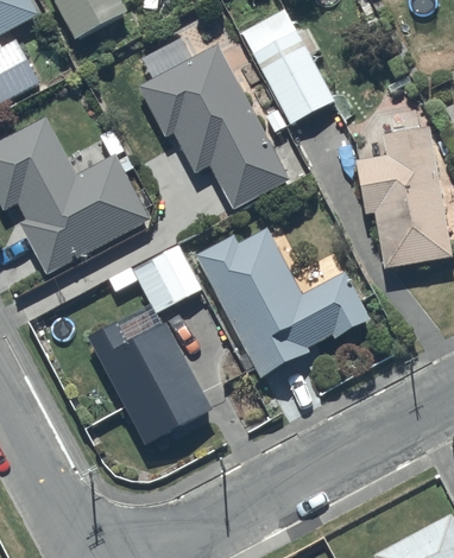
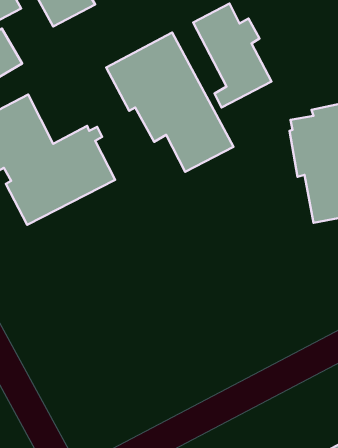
building: [195,228,368,378] -> none
building: [132,245,200,312] -> none
building: [87,322,210,444] -> none

